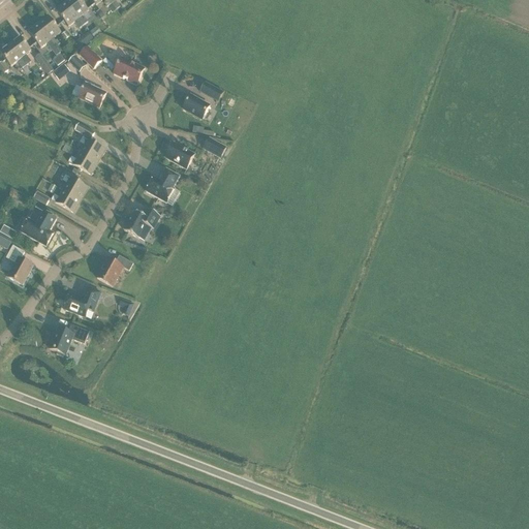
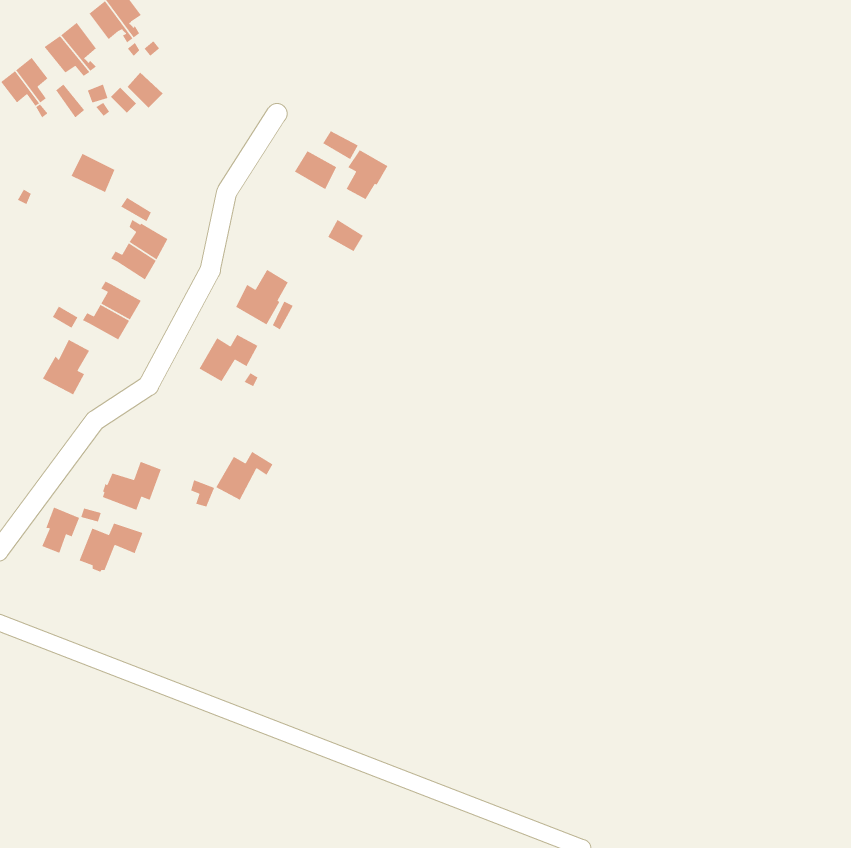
building: [113,56,145,84] -> none
building: [77,82,105,106] -> [70,153,116,193]
building: none -> [345,149,389,200]
building: [164,141,194,167] -> none
building: [6,244,32,283] -> none
building: [96,254,132,285] -> [215,451,274,501]
building: none -> [41,506,80,554]

